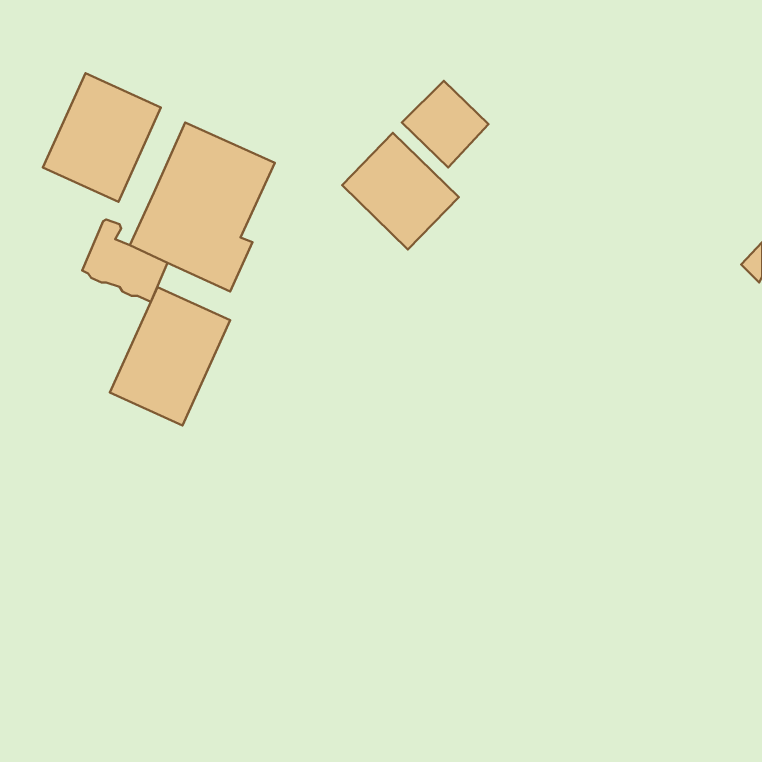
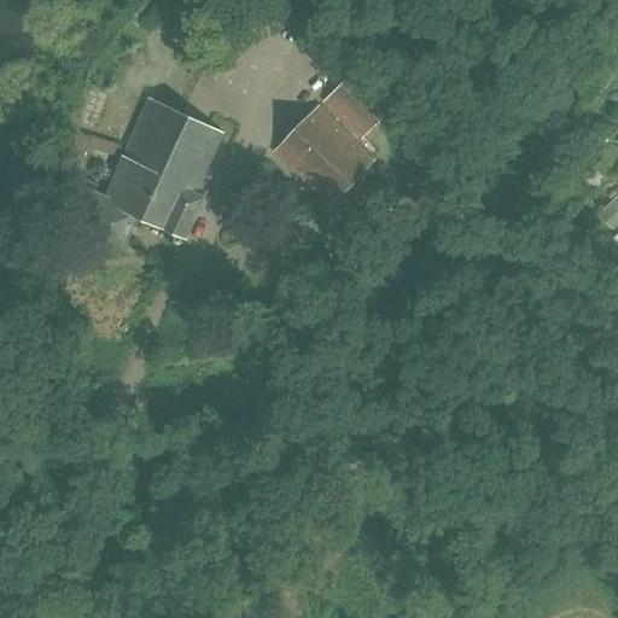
building: [43,73,161,202] -> none
building: [110,287,230,426] -> none

